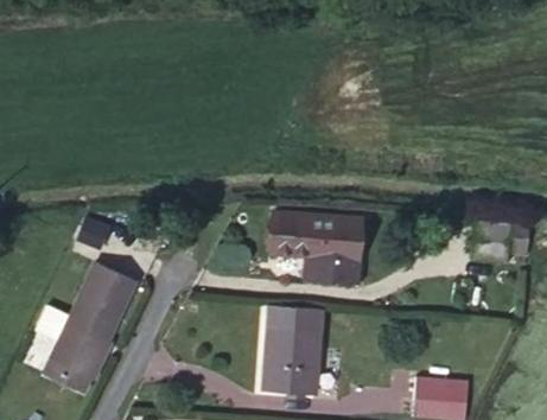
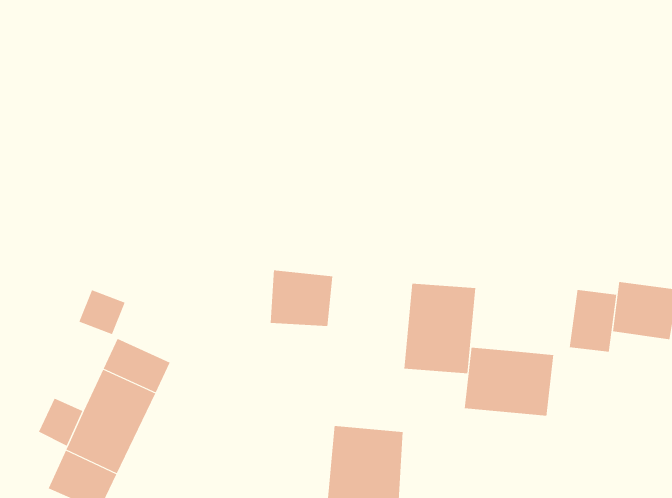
building: [273,214,319,255] -> [270,270,333,326]
building: none -> [569,289,617,353]
building: none -> [464,347,554,417]

